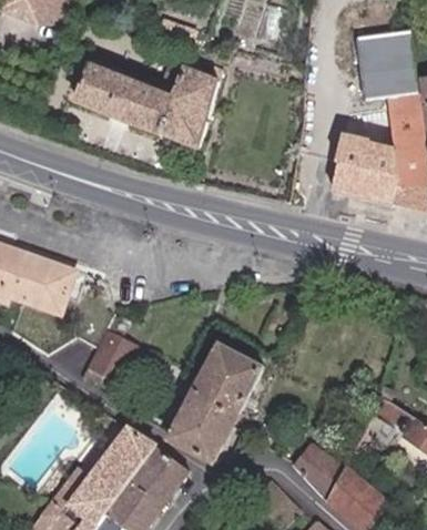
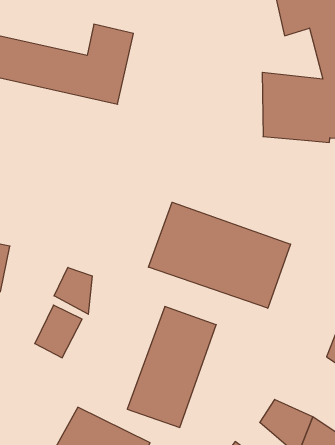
building: none -> [148,202,291,308]
building: none -> [54,267,92,314]

